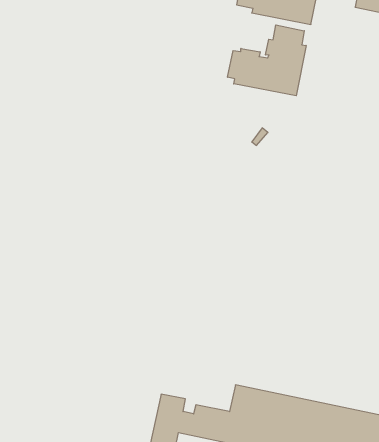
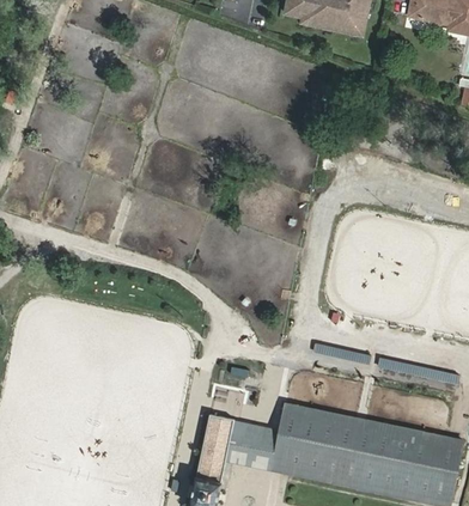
building: [228,25,306,96] -> none

